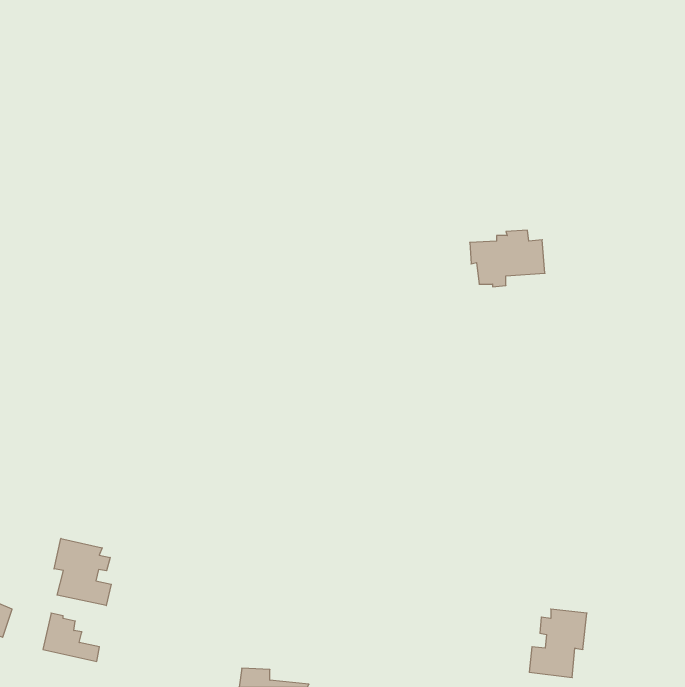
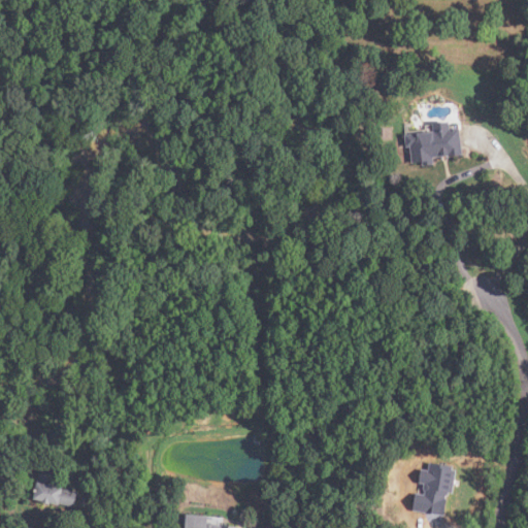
building: [470,230,545,287] -> [404,122,462,165]
building: [54,538,111,606] -> none

